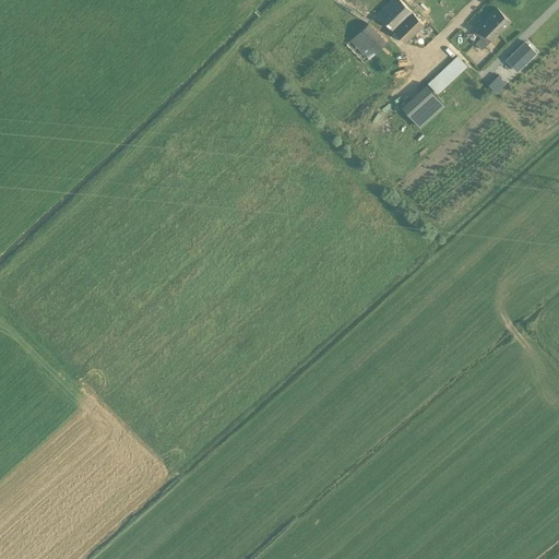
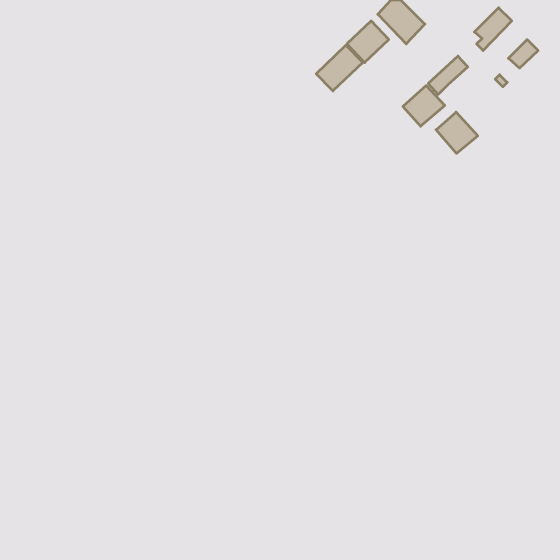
building: none -> [316,45,363,91]
building: none -> [436,112,478,153]

